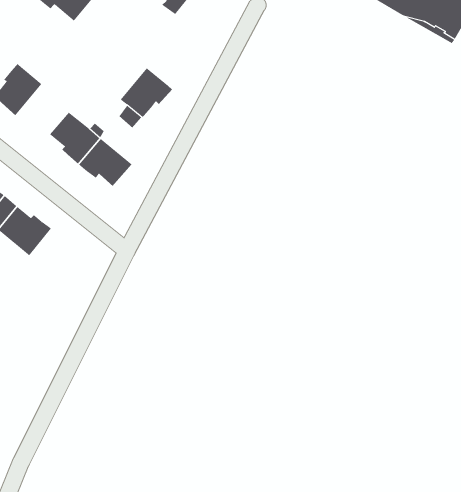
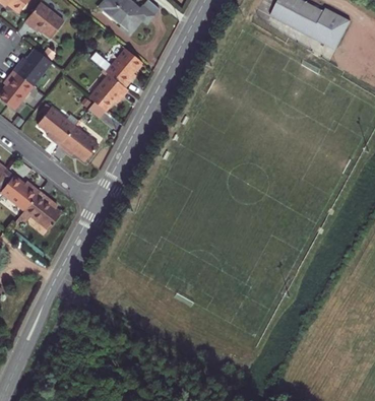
building: none -> [13,48,52,85]
building: none -> [89,48,141,86]
building: none -> [17,191,60,230]

